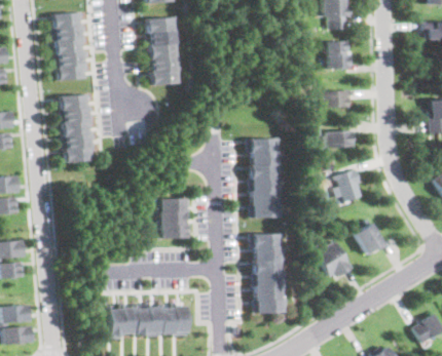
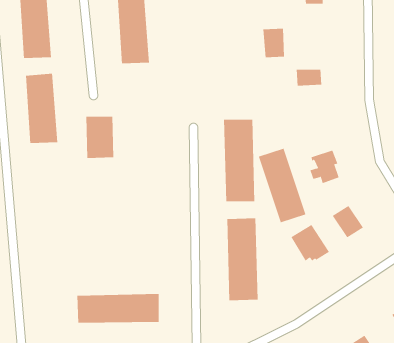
building: [327,40,348,69] -> [263,28,285,58]
building: [326,129,353,148] -> none
building: none -> [258,148,306,223]
building: [160,197,188,238] -> [85,116,114,159]

